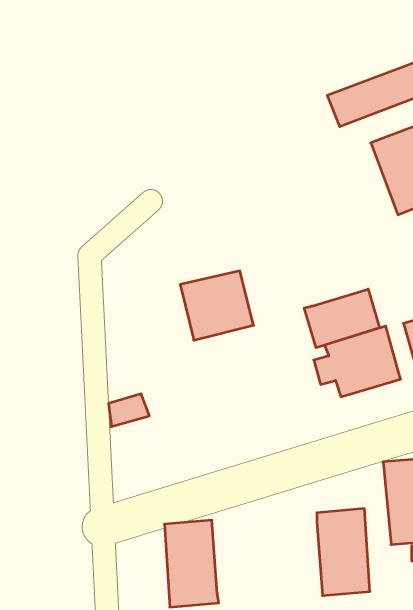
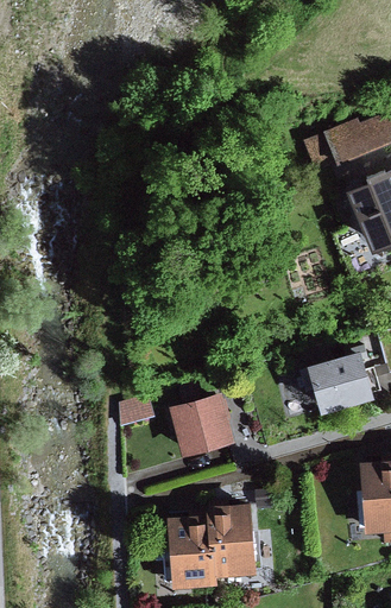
building: [180,271,254,340] -> [170,397,234,457]
building: [304,289,379,348] -> none
building: [317,509,370,596] -> [209,504,256,580]

